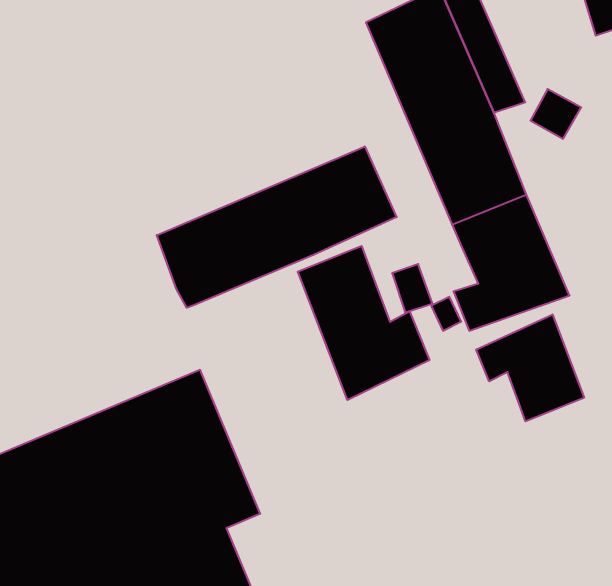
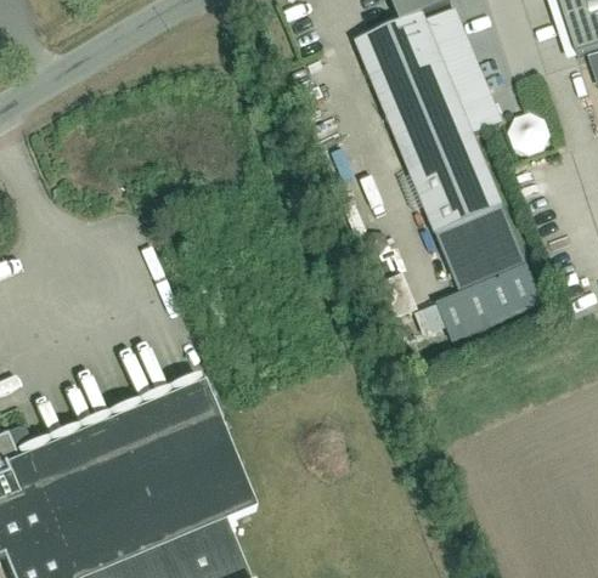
building: [157,146,397,308] -> none
building: [298,246,429,400] -> none
building: [476,314,584,421] -> none

